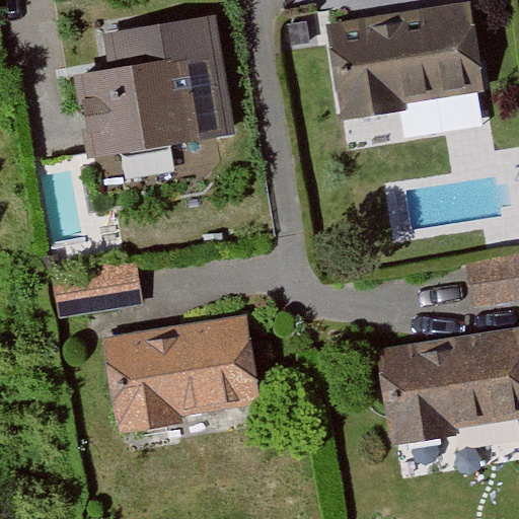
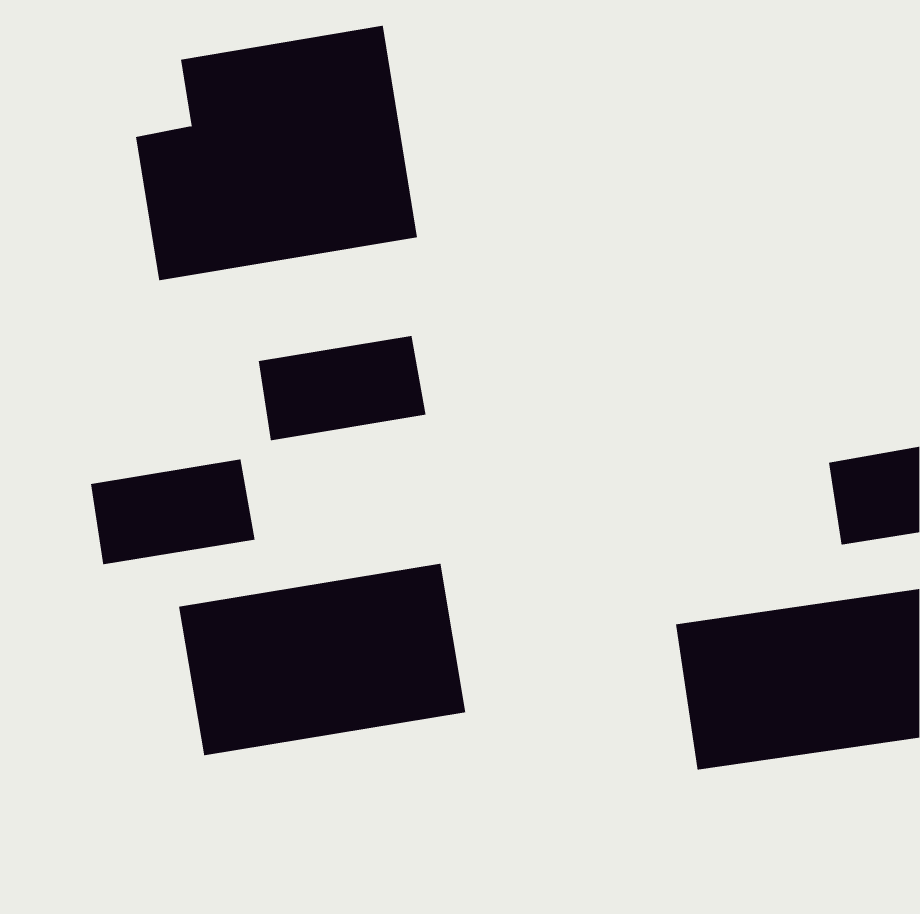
building: [325,6,485,116] -> none
building: none -> [258,335,426,441]

